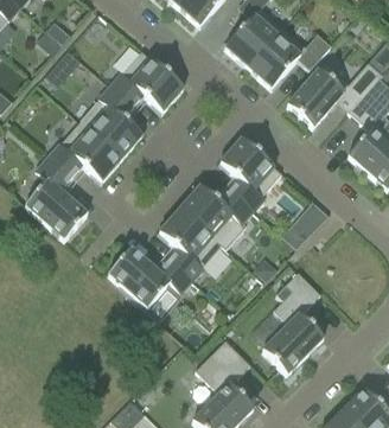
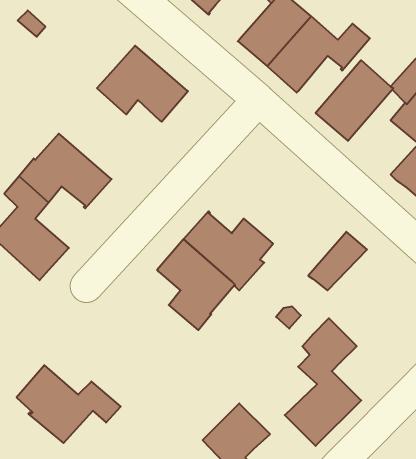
building: [79,84,142,158] -> none
building: [219,138,281,210] -> none
building: [108,247,192,309] -> [17,365,121,443]

